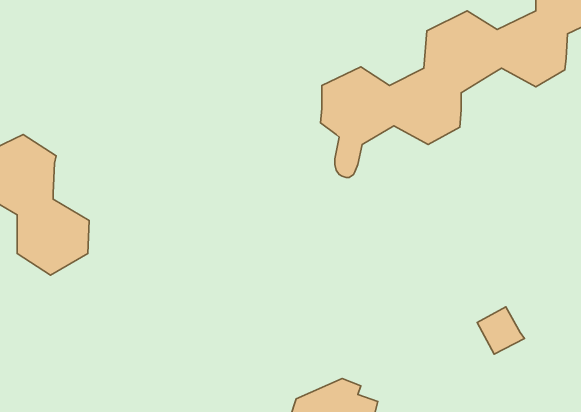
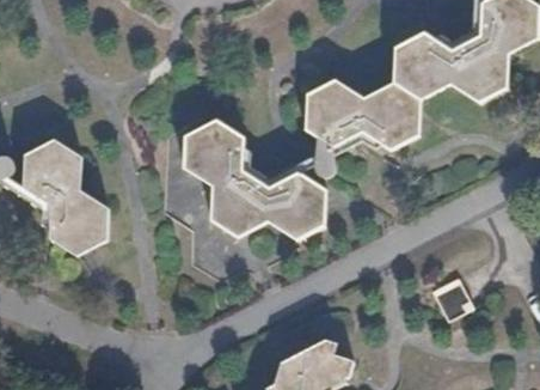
building: none -> [184,118,324,236]

